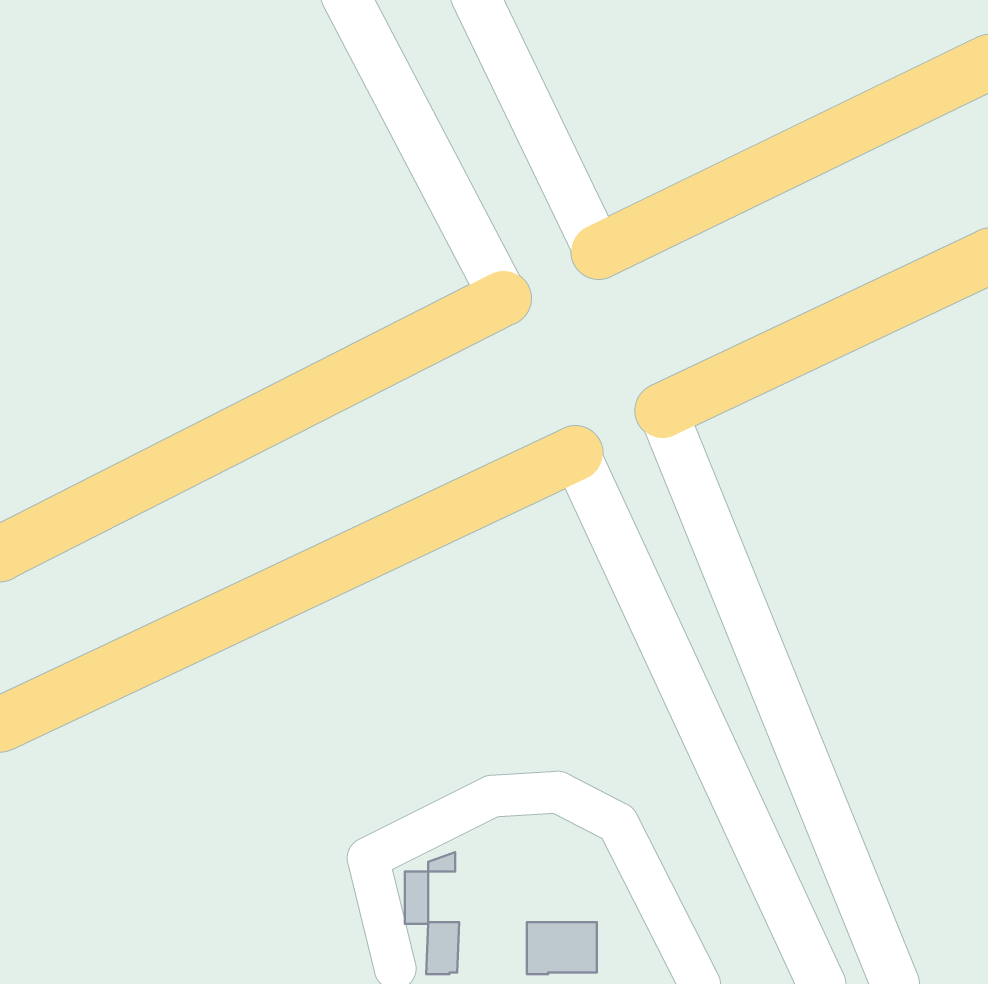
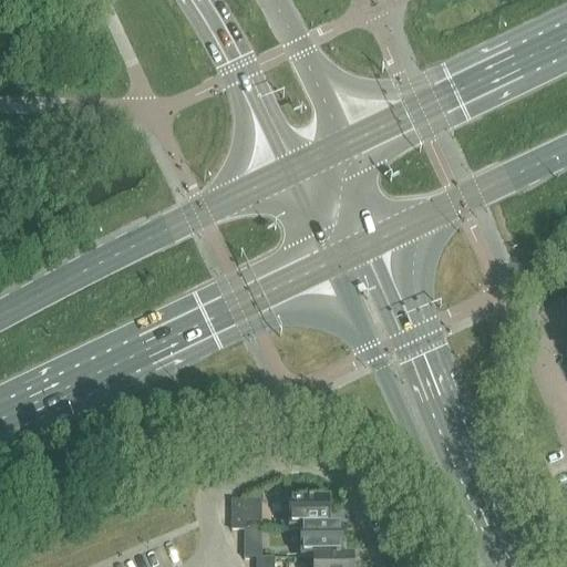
building: none -> [284,498,330,528]

